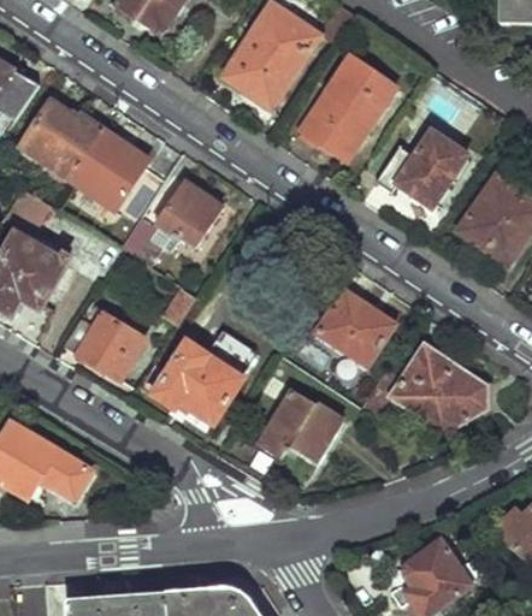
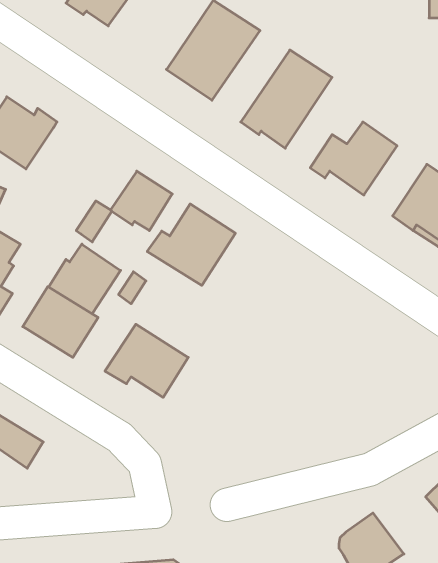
building: [71,137,150,211] -> none
building: none -> [147,204,235,285]
building: none -> [49,244,121,314]
building: [320,291,396,363] -> none
building: [365,345,490,430] -> none
building: [259,390,345,463] -> none

